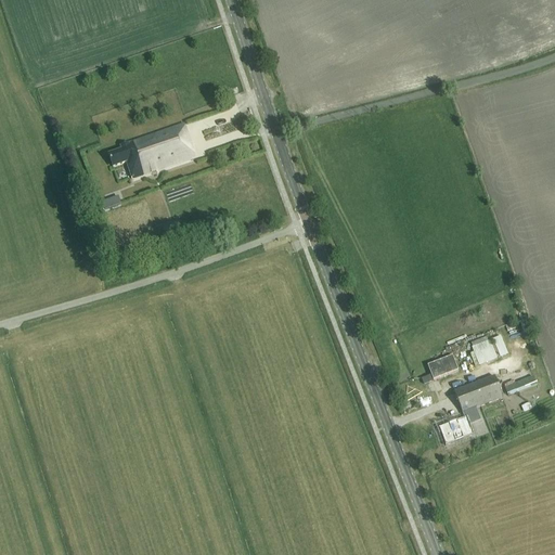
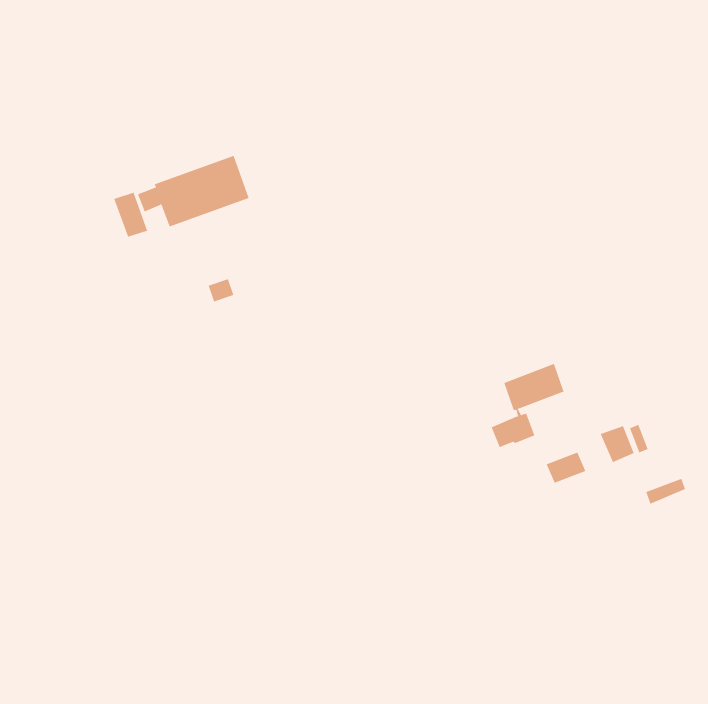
building: none -> [114,192,148,238]
building: [444,374,503,440] -> [491,363,566,448]

